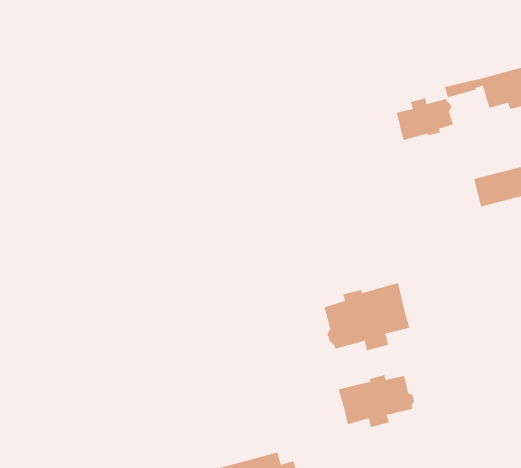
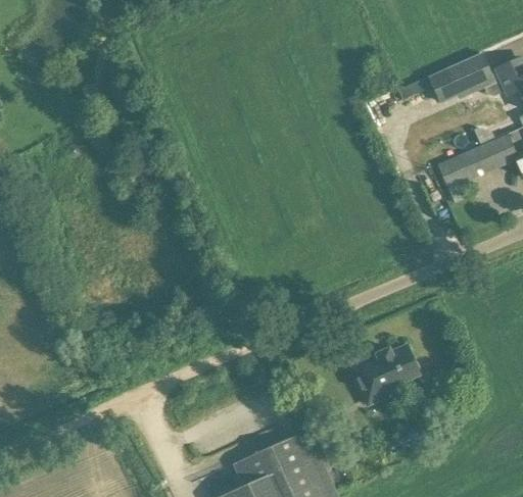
building: [396,97,453,141] -> none
building: [324,282,410,351] -> none

